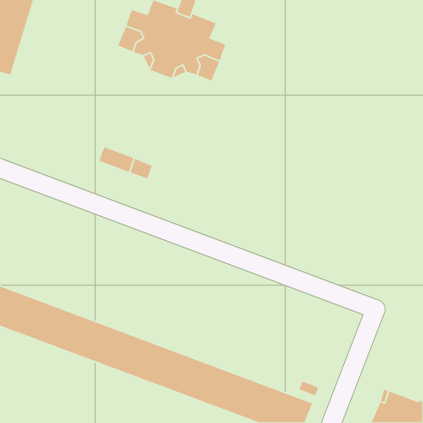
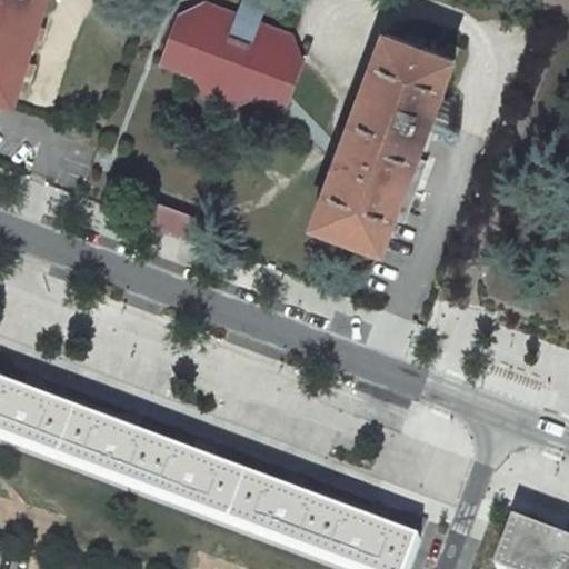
building: none -> [312,30,453,249]

